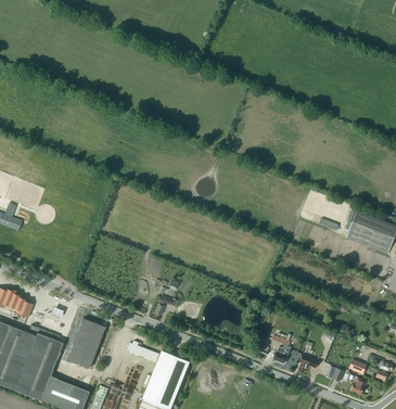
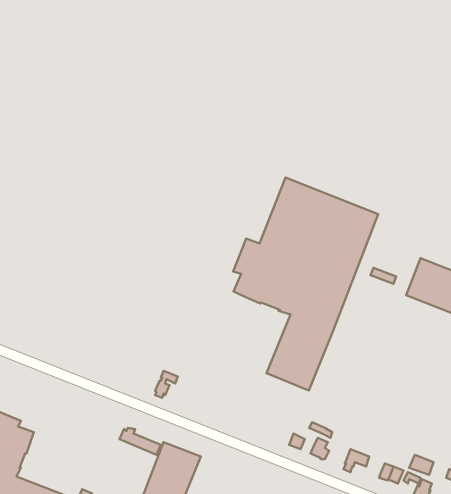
building: none -> [233,178,378,390]
building: [66,319,104,369] -> none

